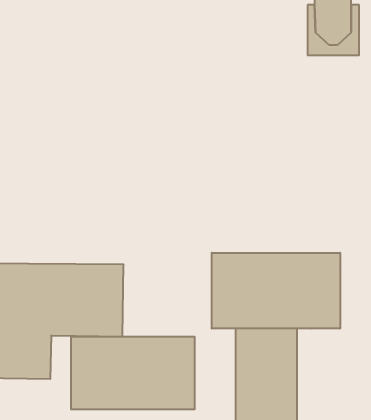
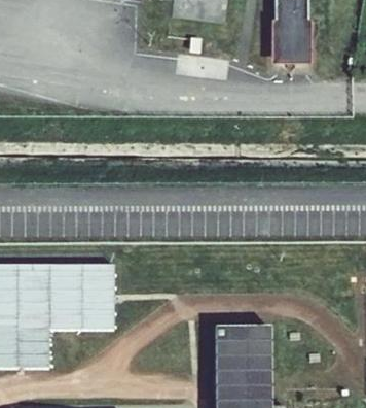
building: [212,253,340,329] -> none
building: [71,337,195,409] -> none

